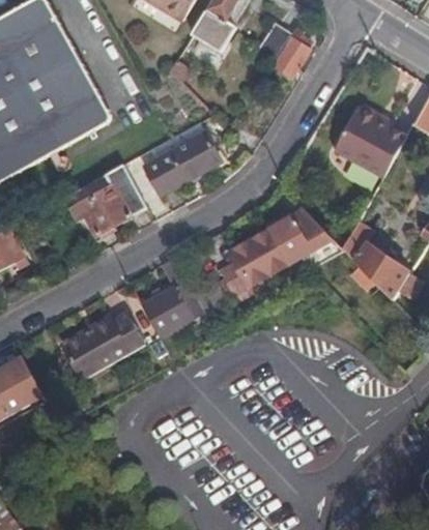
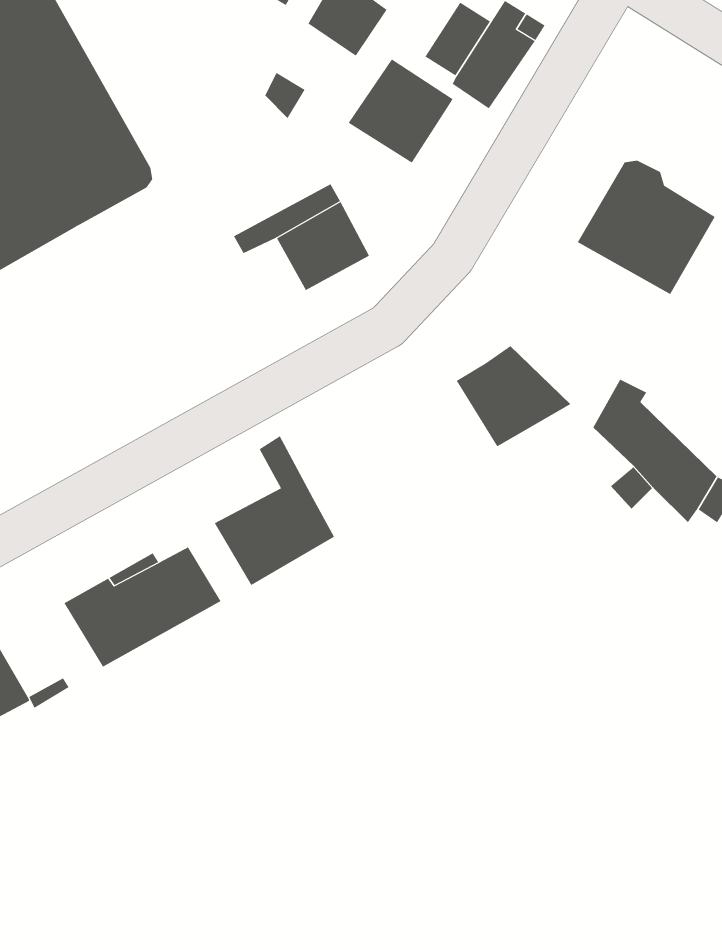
building: none -> [348,59,453,164]
building: [148,150,190,192] -> none
building: [76,164,146,233] -> none
building: [194,226,291,308] -> none

